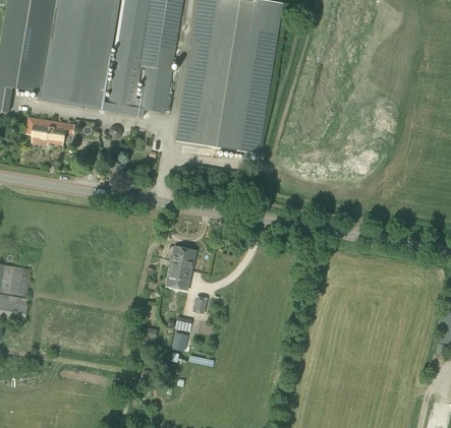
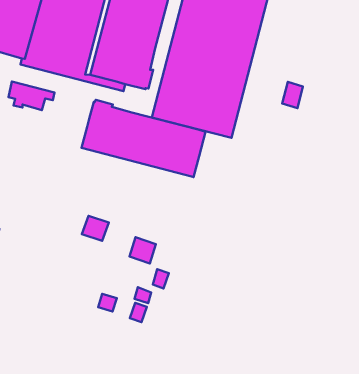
building: none -> [282,82,303,108]
building: none -> [82,100,206,177]
building: [170,246,196,270] -> [82,216,109,241]

